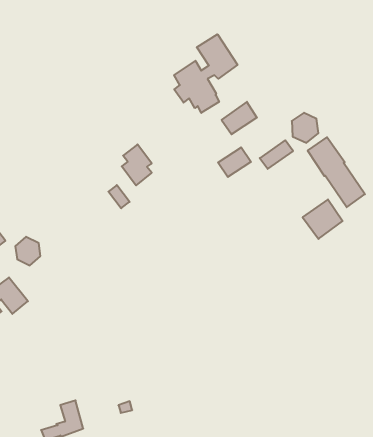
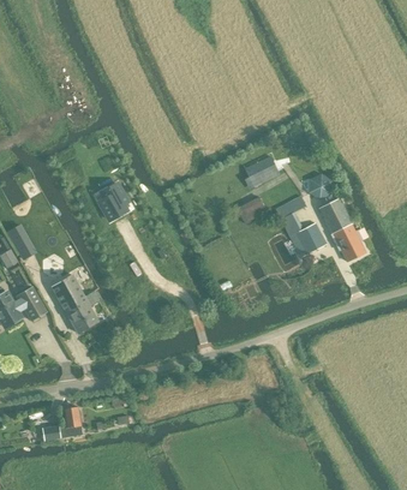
building: [174,34,237,113] -> none
building: [122,144,152,185] -> [101,183,128,220]
building: [303,199,343,239] -> [288,222,324,257]
building: none -> [50,275,97,333]

